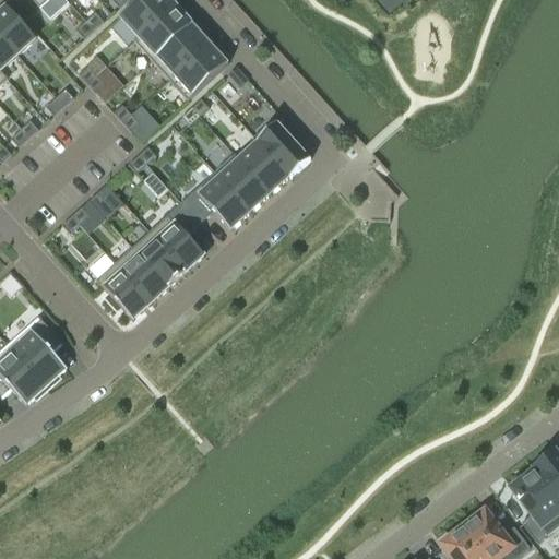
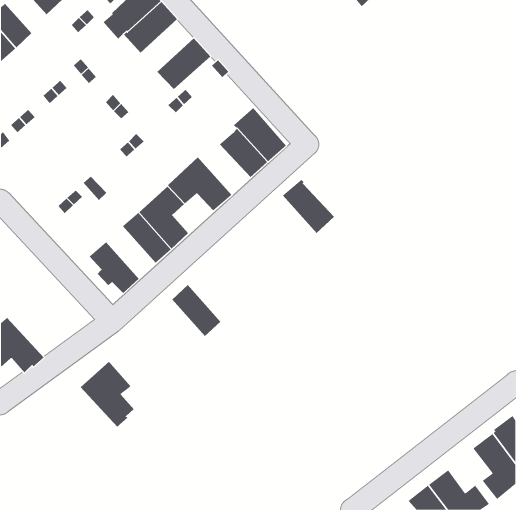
building: [152,21,210,78] -> none
building: [214,152,271,211] -> [282,179,335,234]
building: [115,245,168,301] -> [172,284,221,337]
building: [8,314,67,386] -> [80,361,134,427]

